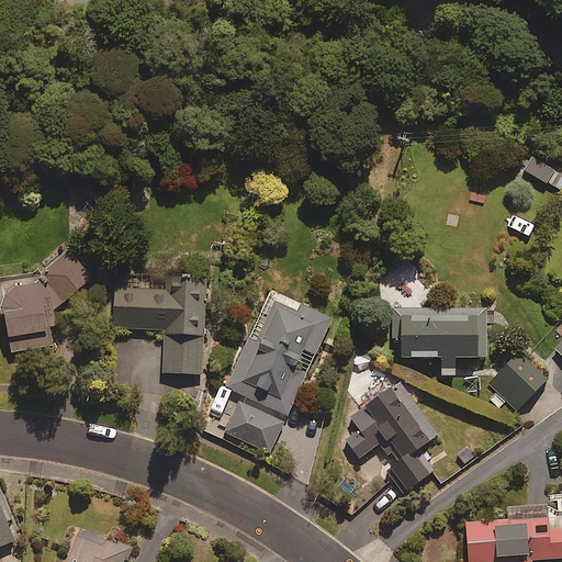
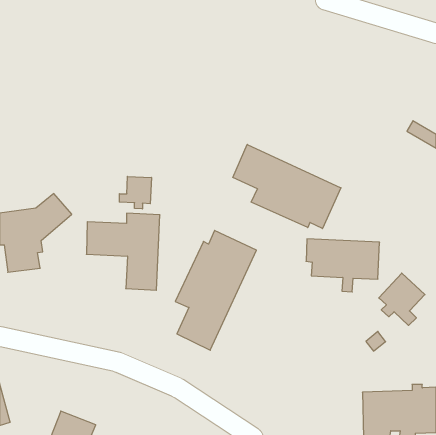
building: none -> [233,144,341,229]
building: none -> [119,176,151,209]
building: [346,381,436,493] -> none

